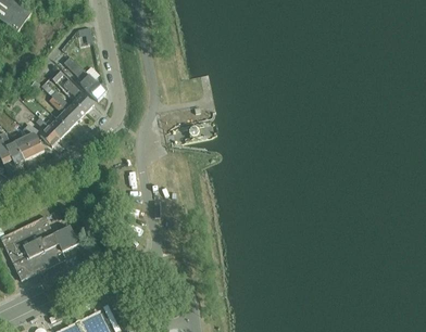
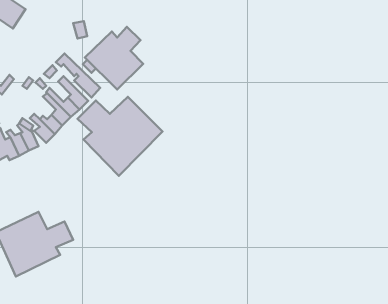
building: none -> [85,27,143,90]
building: none -> [77,97,163,176]

